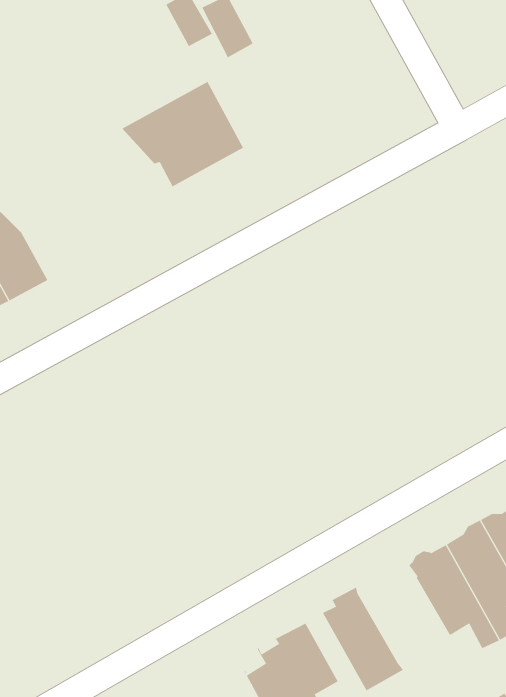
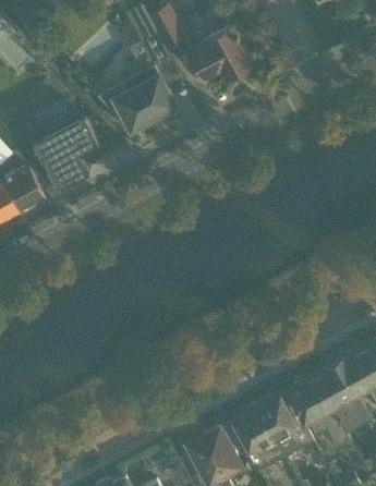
building: none -> [190,27,255,82]
building: none -> [34,119,99,190]
building: none -> [254,394,318,455]

